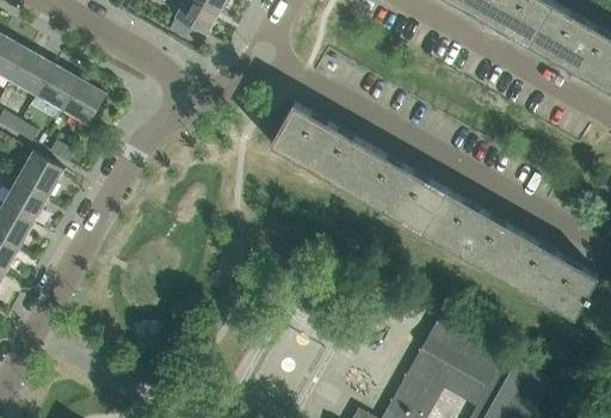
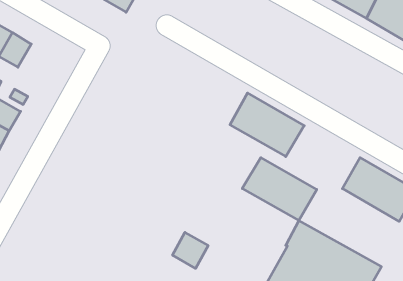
building: [58,80,104,127] -> none
building: [267,103,368,189] -> none
building: [419,190,519,275] -> [242,158,317,220]
building: none -> [173,232,208,268]

